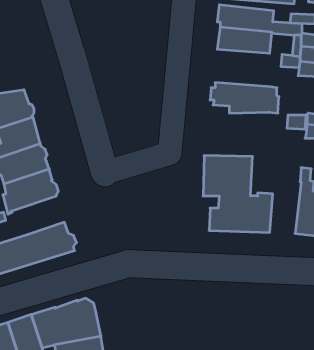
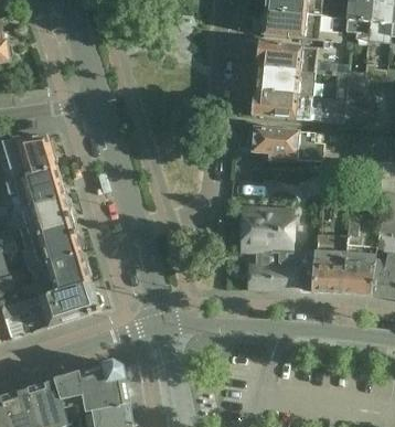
building: none -> [249,92,312,121]
building: none -> [312,235,346,292]
building: none -> [30,252,88,293]

